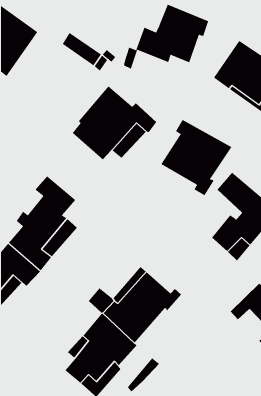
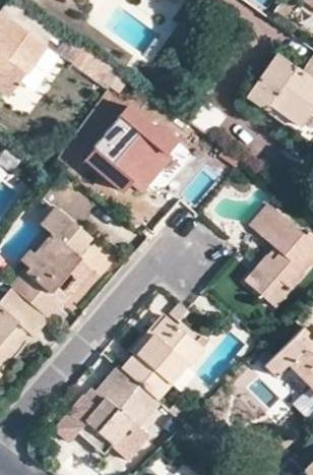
building: [124,4,209,69] -> none
building: [160,119,232,196] -> none

